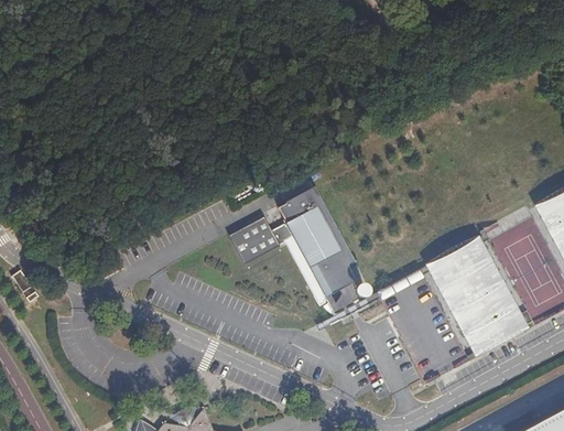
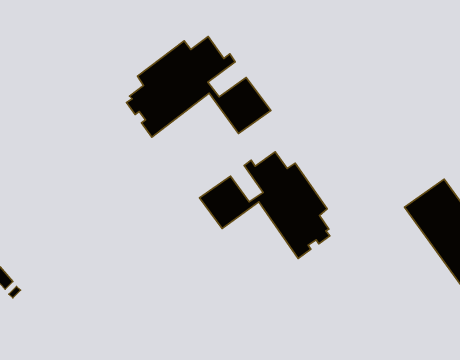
building: none -> [127,36,271,137]

